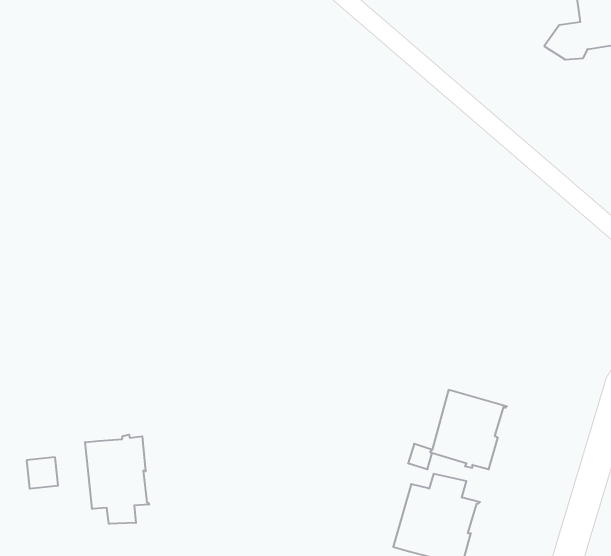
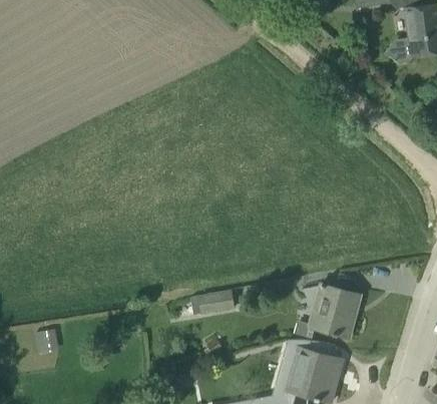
building: none -> [193,290,235,314]
building: [85,435,149,524] -> none

